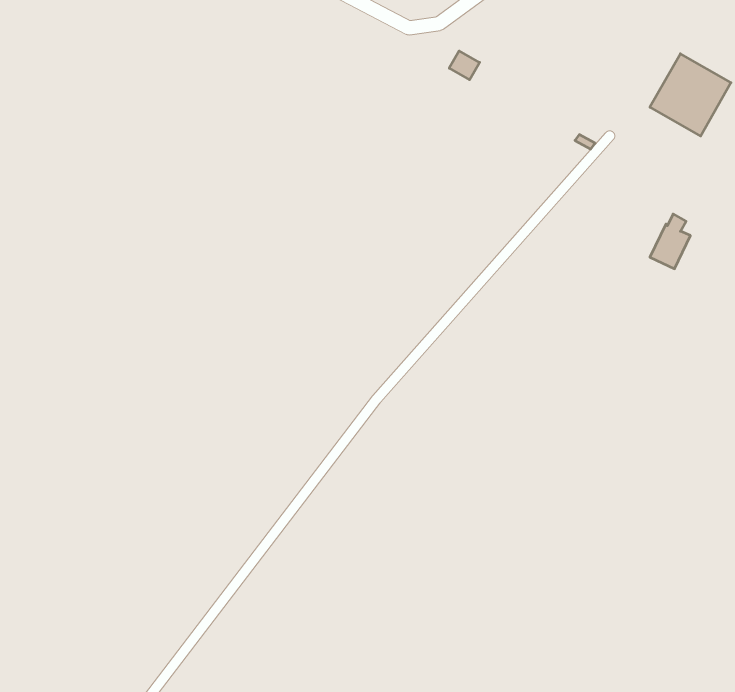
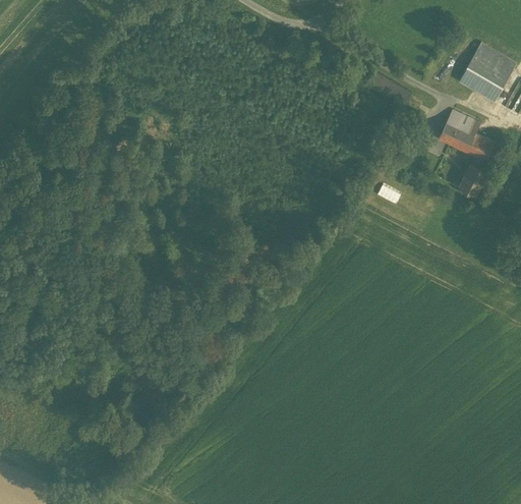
building: none -> [438,110,494,161]

